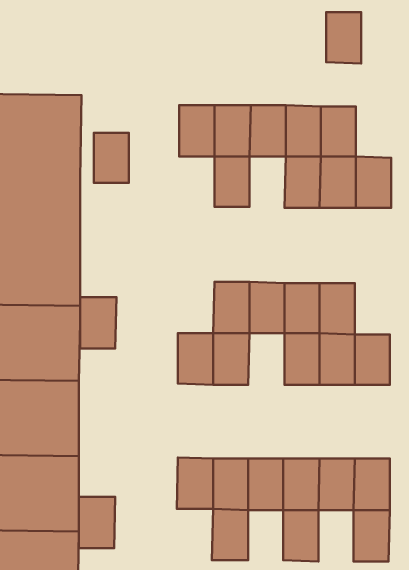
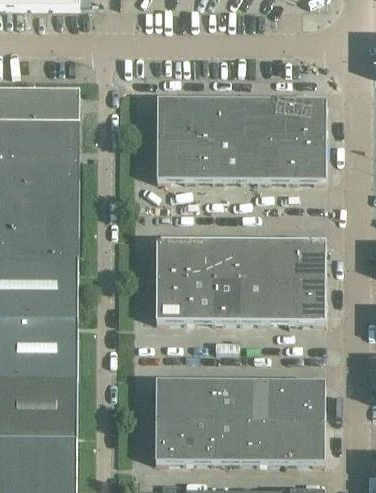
building: [326,12,361,64] -> [298,98,326,139]
building: [94,133,129,183] -> [157,138,185,178]
building: none -> [213,138,242,179]
building: none -> [297,239,326,280]
building: [80,297,117,349] -> [156,238,185,279]
building: none -> [212,279,241,320]
building: [79,497,115,548] -> [155,419,184,460]
building: none -> [212,420,240,460]
building: none -> [268,420,296,461]

